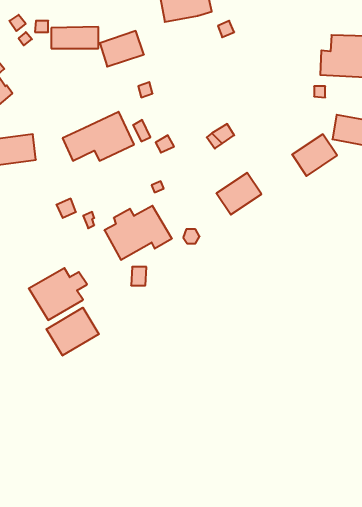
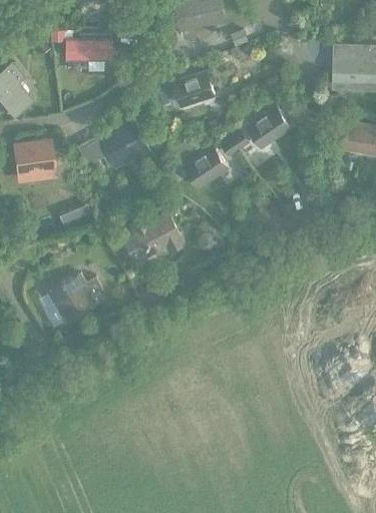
building: [100,31,144,67] -> [172,71,216,106]
building: [292,134,337,176] -> [247,107,291,148]
building: [216,173,261,215] -> [183,147,228,188]
building: [46,308,99,356] -> none

